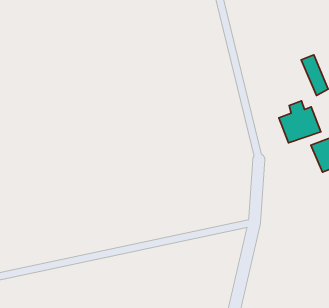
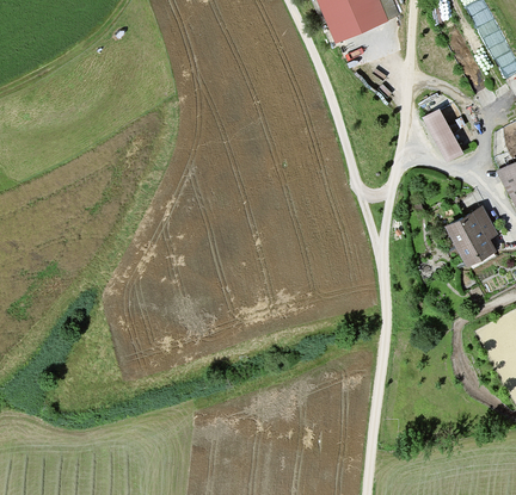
building: [279,101,321,143] -> none

